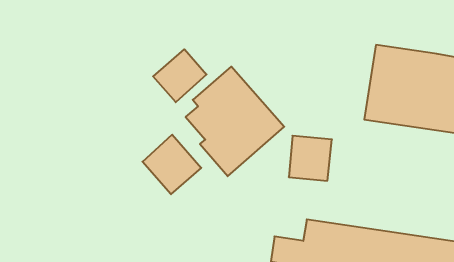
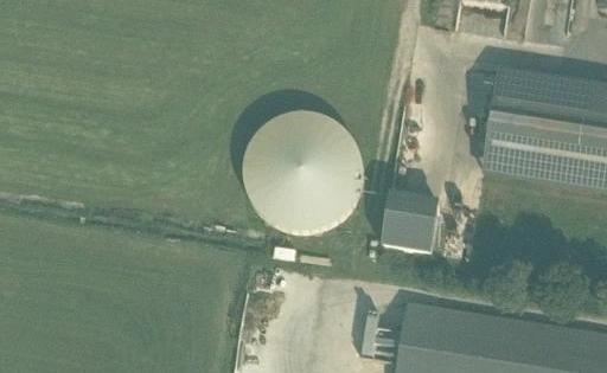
building: [153,49,207,102] -> none
building: [142,135,201,194] -> none

